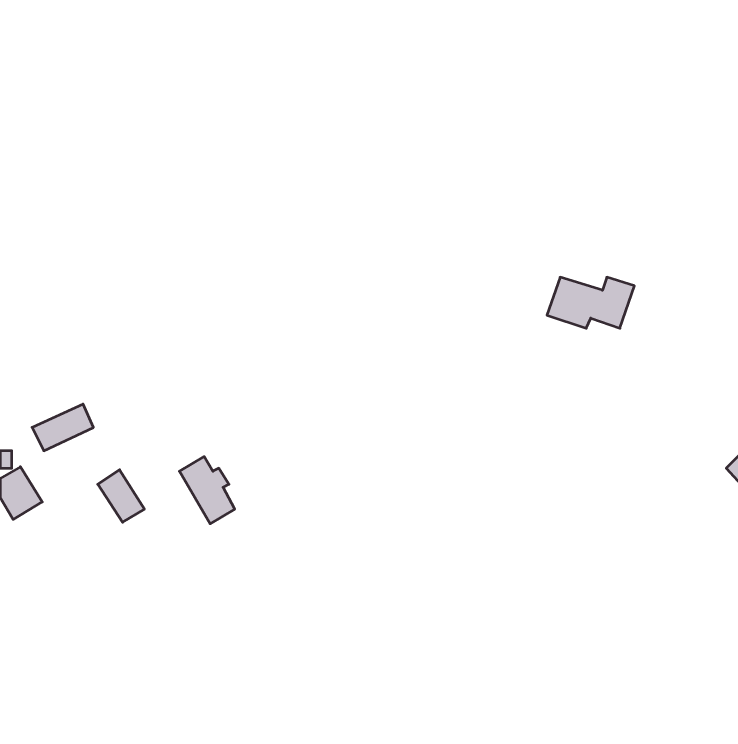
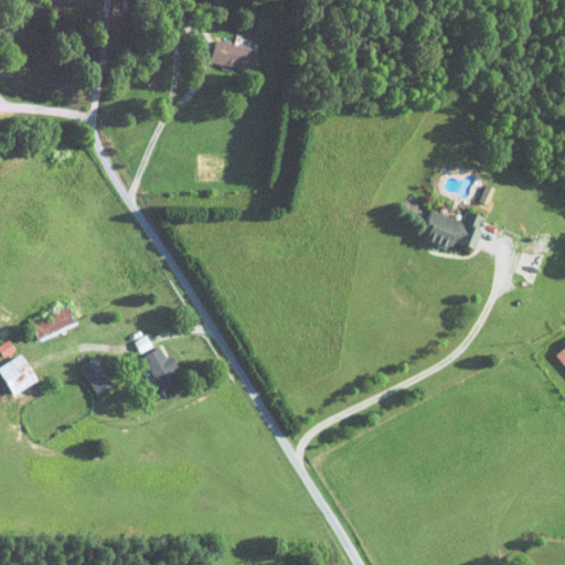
building: none -> [211,39,258,72]

